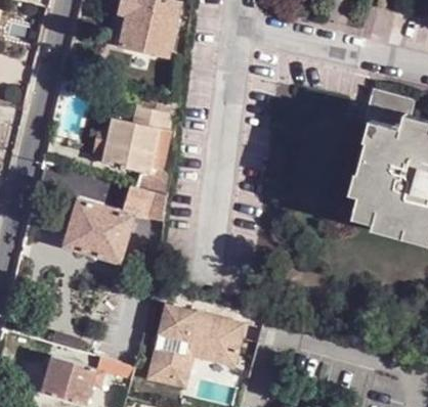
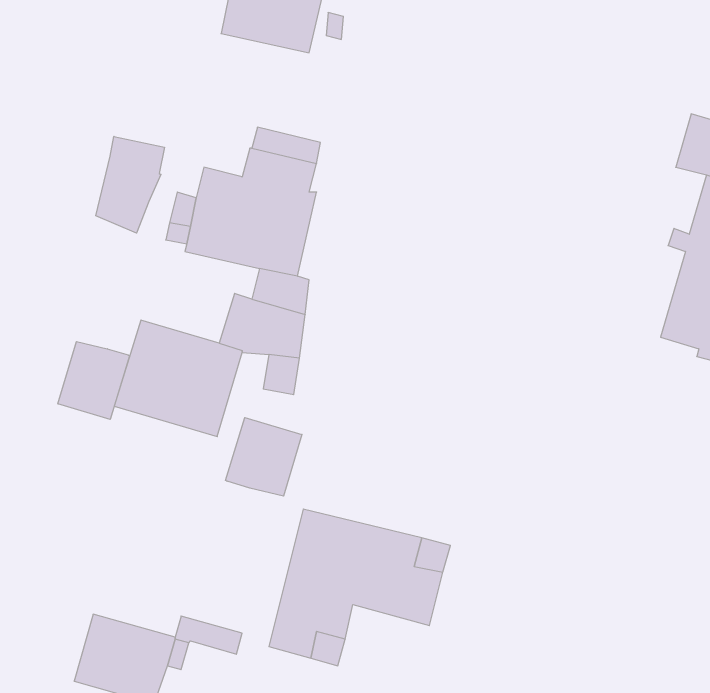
building: none -> [96,136,164,233]
building: none -> [58,342,129,419]
building: none -> [226,418,302,496]

